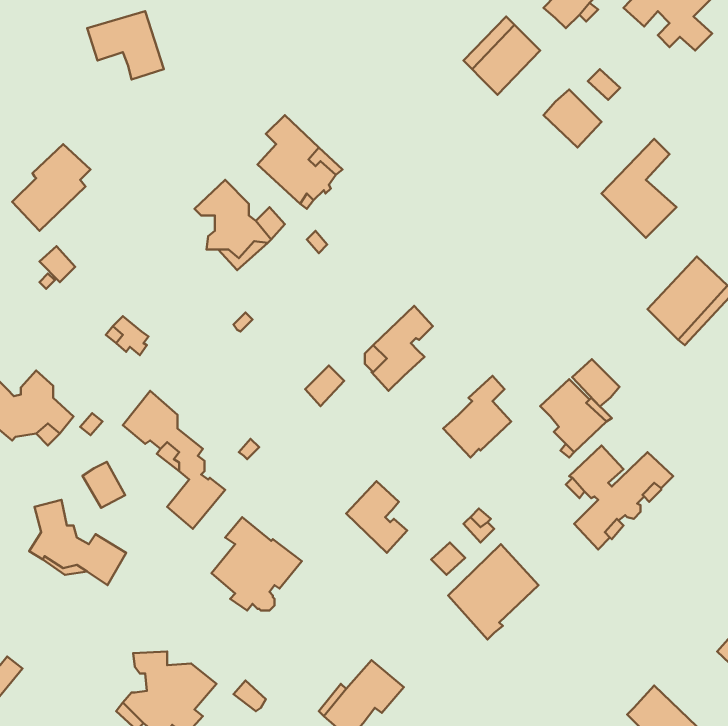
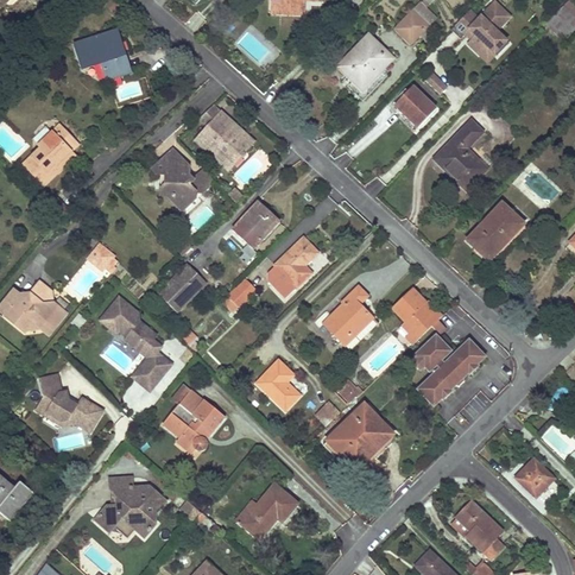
building: none -> [228,200,280,249]
building: none -> [159,266,204,311]
building: [572,359,619,407] -> none
building: [83,462,125,508] -> none

